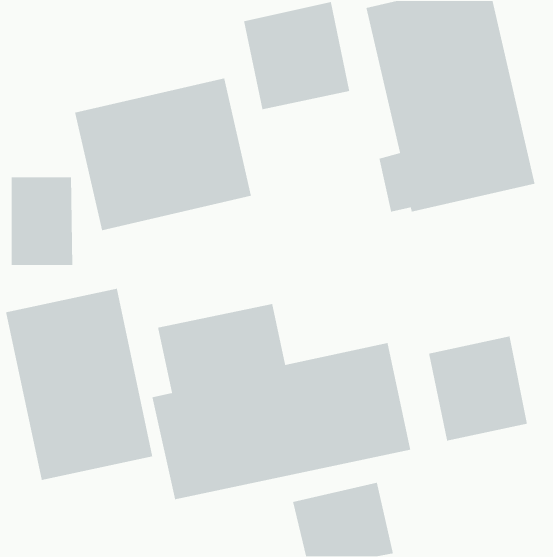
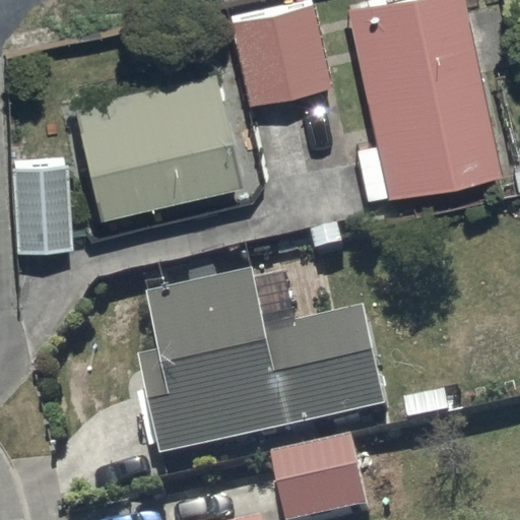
building: [5,288,153,481] -> none
building: [428,336,528,441] -> none

